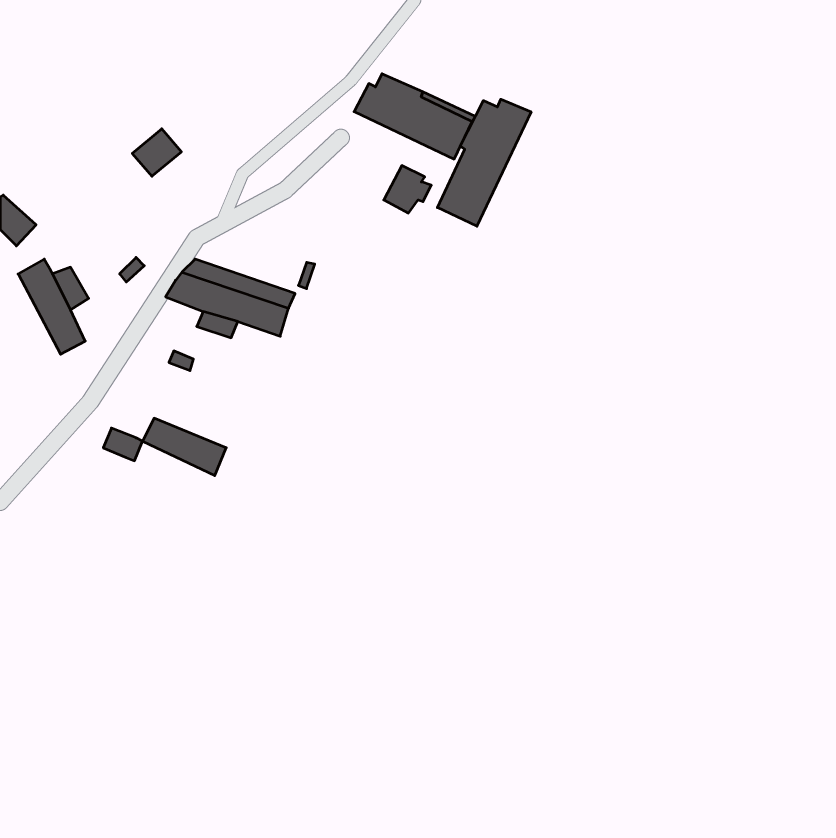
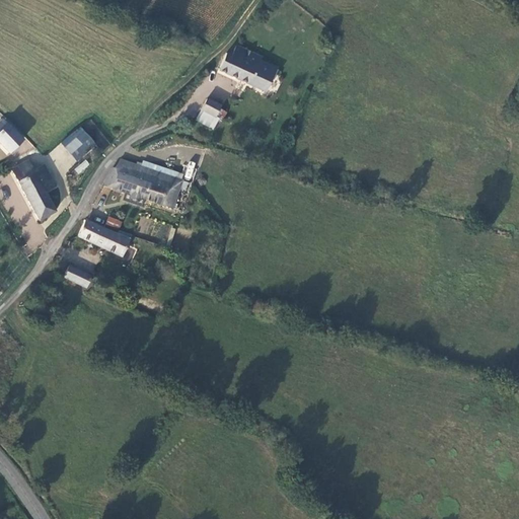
building: [437,99,531,226] -> none
building: [132,129,181,176] -> [65,130,95,159]
building: [384,166,431,213] -> [198,98,227,128]
building: [143,418,226,476] -> [78,220,130,255]

